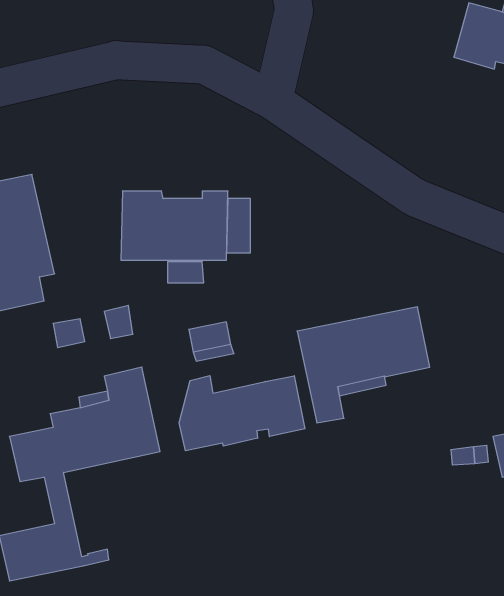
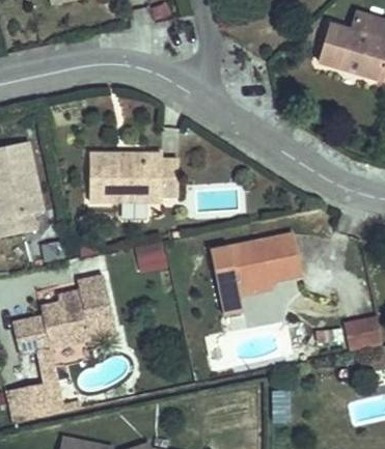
building: [179,376,305,451] -> none

